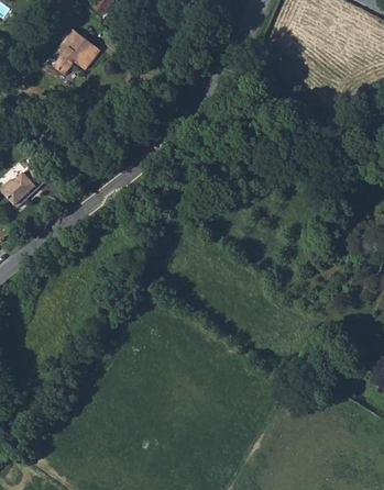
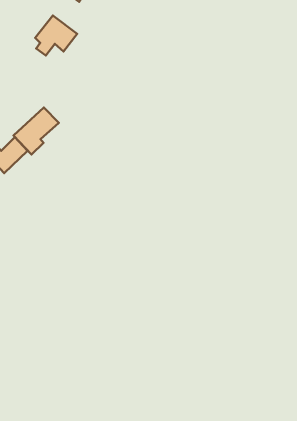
building: none -> [14,107,59,155]

